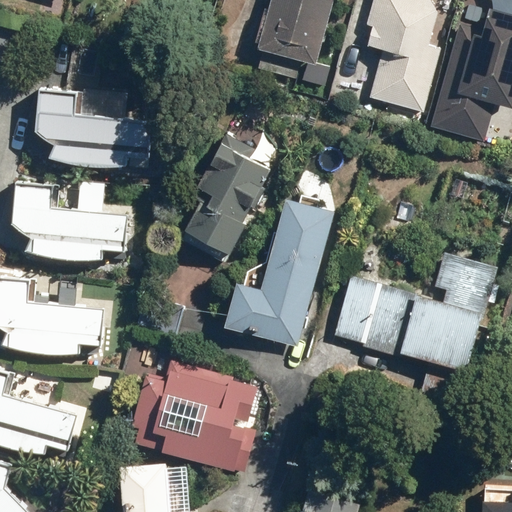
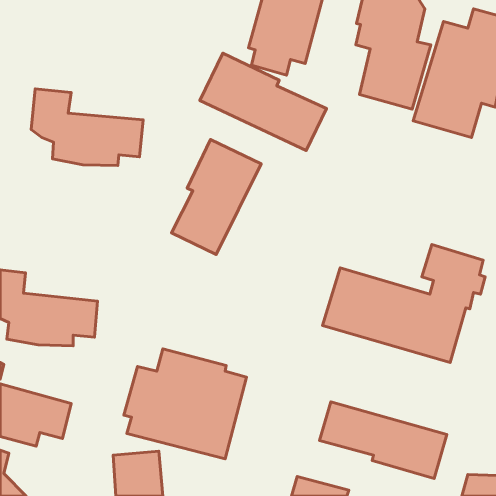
building: none -> [200,53,326,150]
building: [11,183,126,262] -> none
building: [223,199,334,348] -> none
building: none -> [319,402,447,478]

